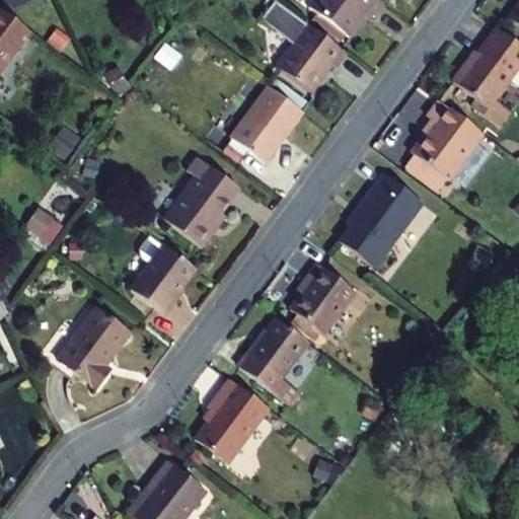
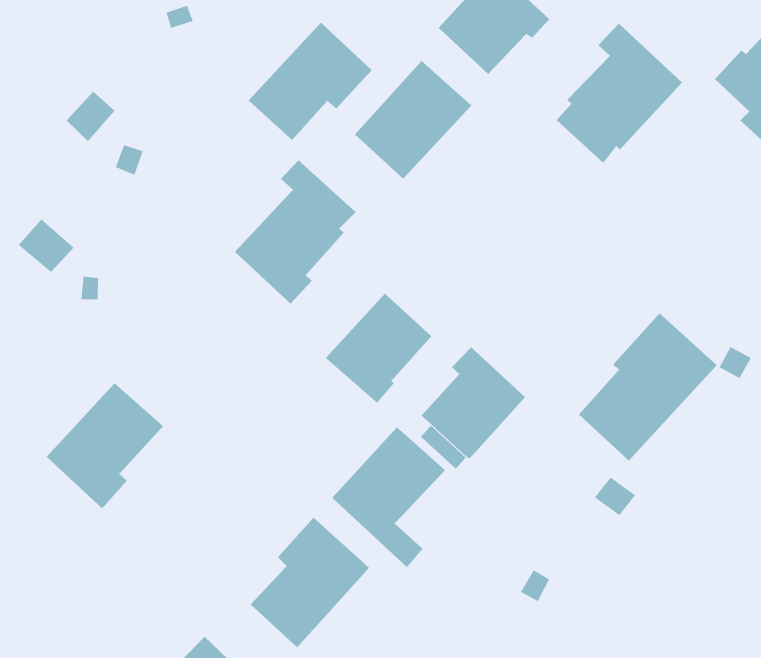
building: none -> [248,22,373,141]
building: [405,99,483,189] -> [556,23,683,164]
building: [340,172,424,268] -> [578,312,718,461]
building: [130,243,196,313] -> [325,293,432,404]

